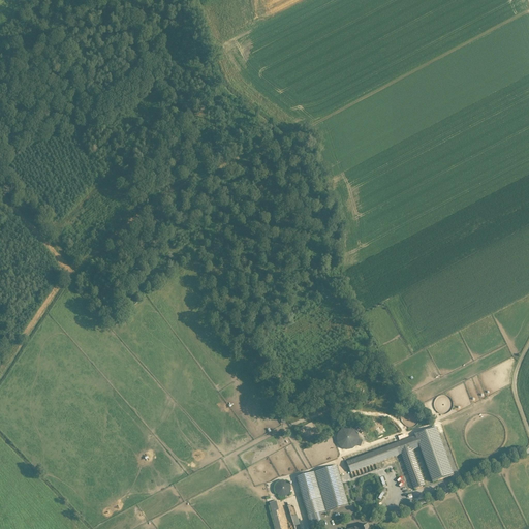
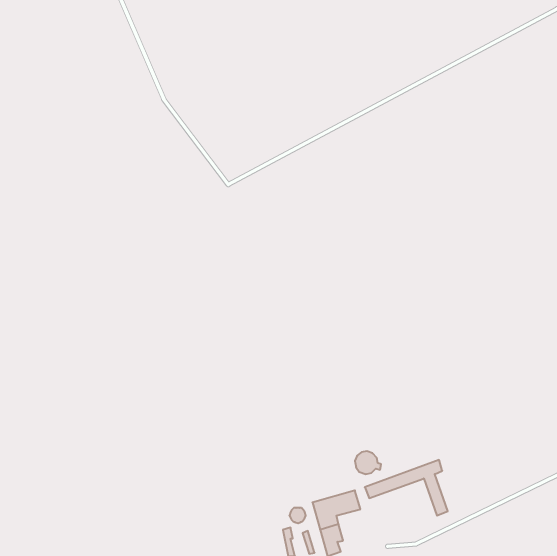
building: [414,426,453,480] -> none
building: [318,481,347,510] -> none

